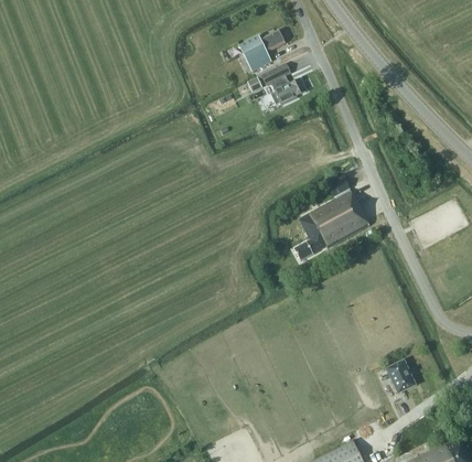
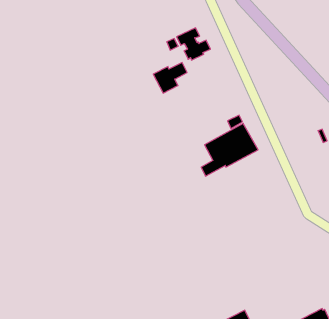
building: [238,30,283,71] -> [153,63,187,93]
building: [385,358,416,394] -> none

